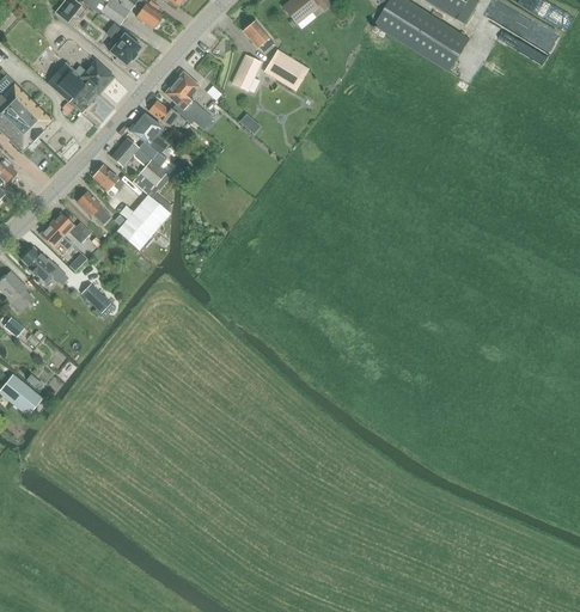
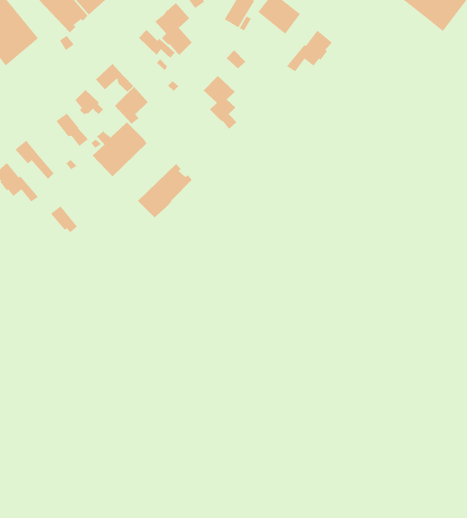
building: none -> [286,30,333,72]
building: [130,114,167,166] -> [203,75,237,130]
building: [50,212,91,243] -> none
building: none -> [137,163,192,218]

